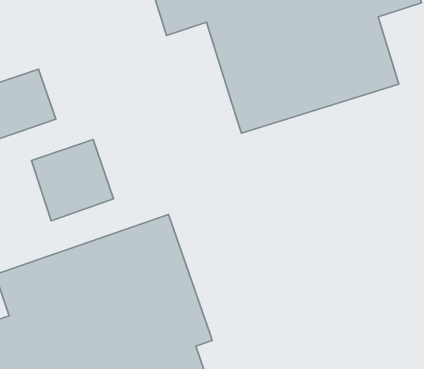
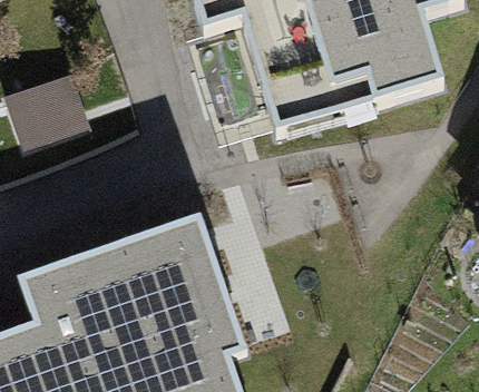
building: [32,139,113,221] -> none

